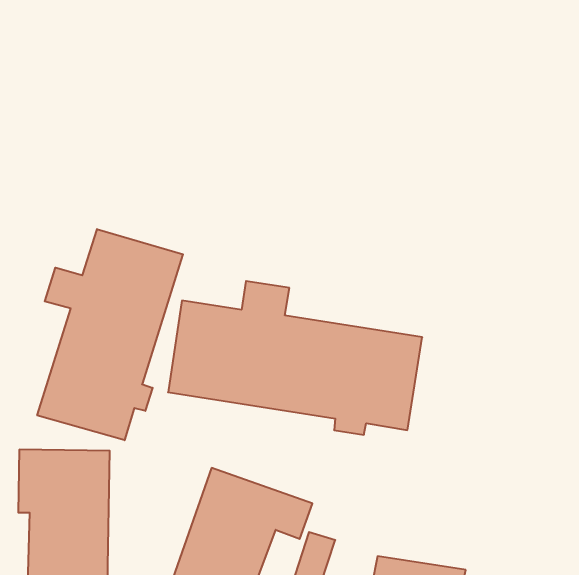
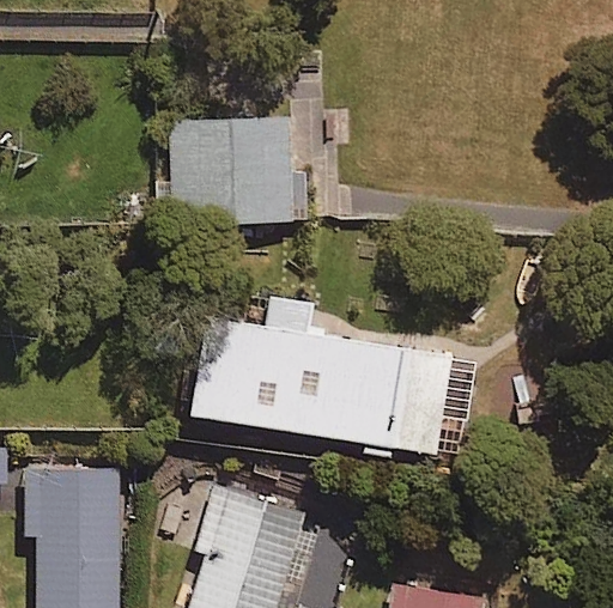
building: none -> [160,121,311,229]
building: [37,229,183,440] -> none

